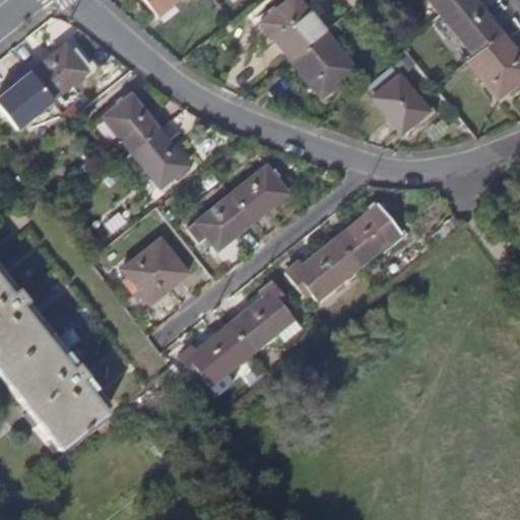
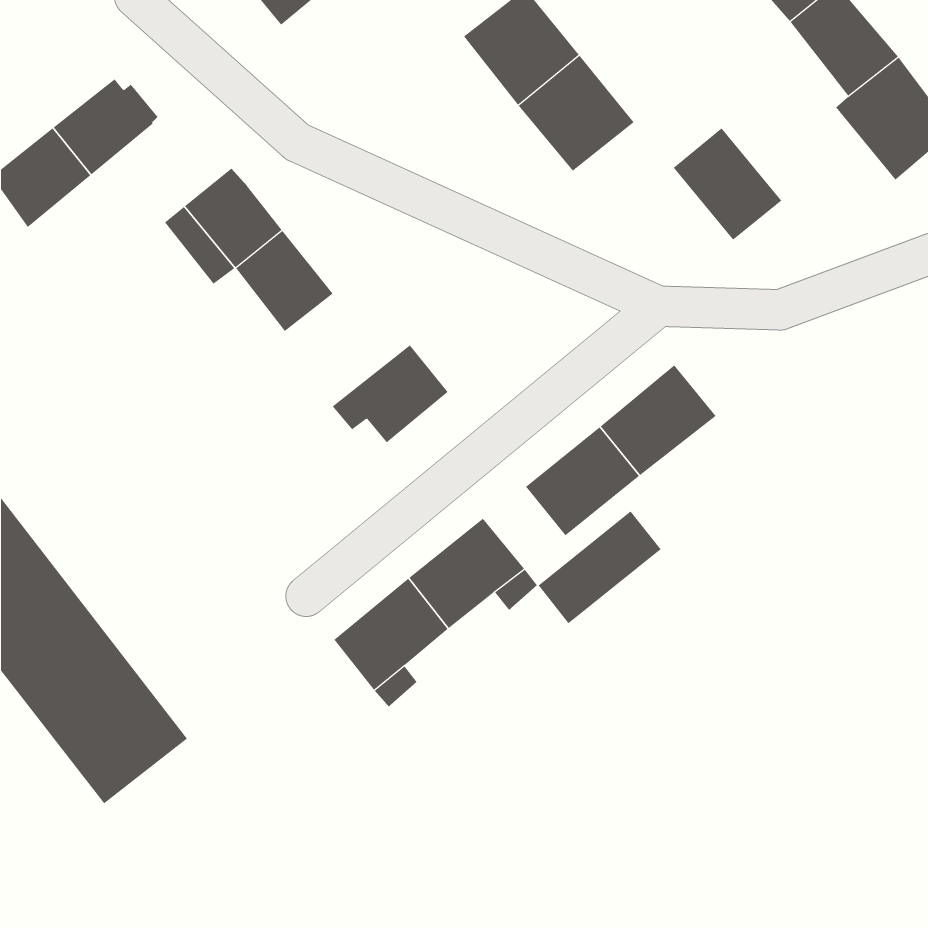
building: [231,164,287,218] -> none
building: [122,237,187,301] -> none
building: none -> [538,511,661,624]

